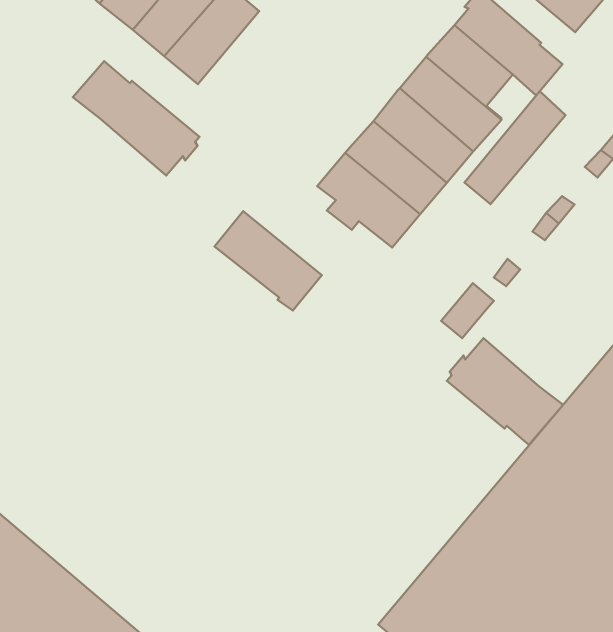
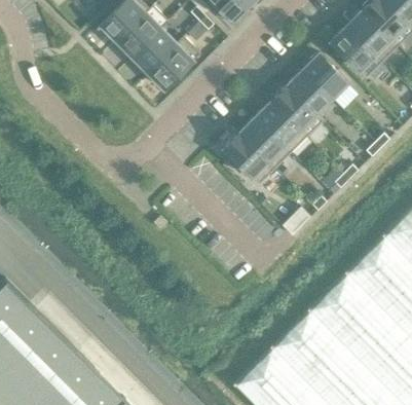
building: [73,61,199,175] -> none
building: [465,91,565,204] -> none
building: [214,211,322,311] -> none
building: [447,338,563,445] -> none

